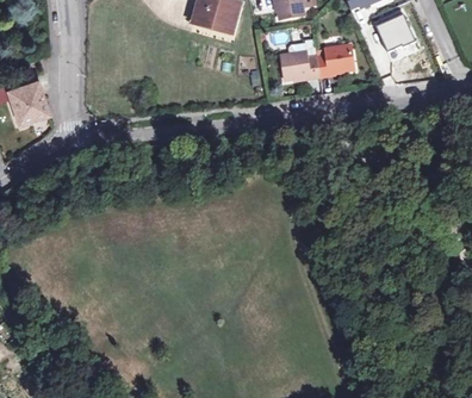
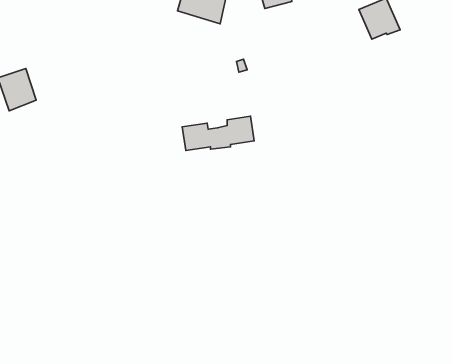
building: [281,44,354,79] -> [182,116,254,150]

